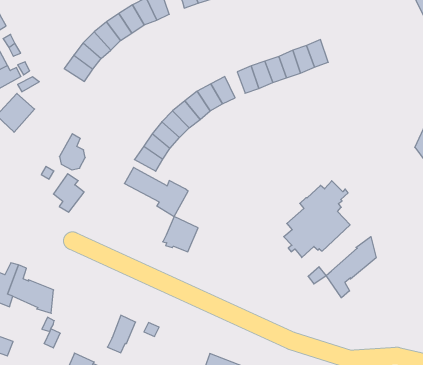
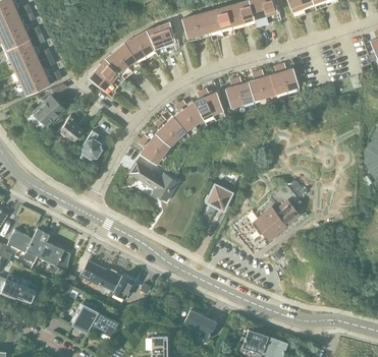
building: [53,174,84,212] -> [59,115,84,145]
building: [163,216,198,252] -> [206,179,234,207]
building: [326,237,376,298] -> none
building: none -> [80,261,122,293]

